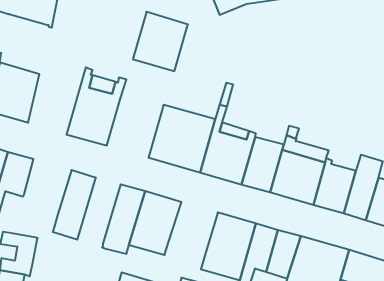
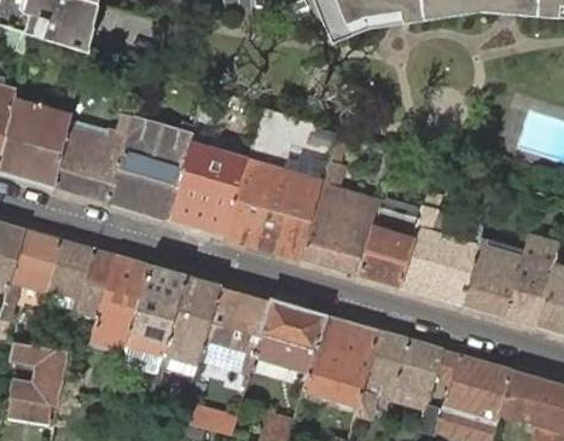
building: [133,12,188,71] -> [167,152,245,237]
building: none -> [54,114,134,204]
building: none -> [42,239,116,318]
building: none -> [122,266,186,372]
building: none -> [255,301,325,372]

